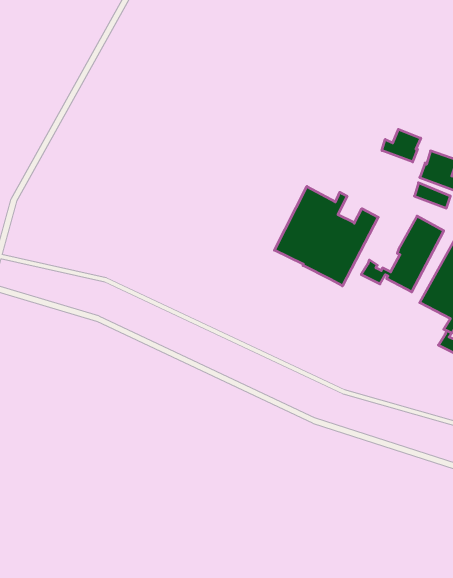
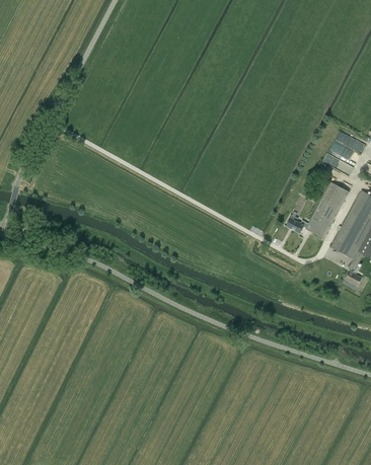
building: [382,129,421,162] -> none
building: [274,186,378,286] -> none

